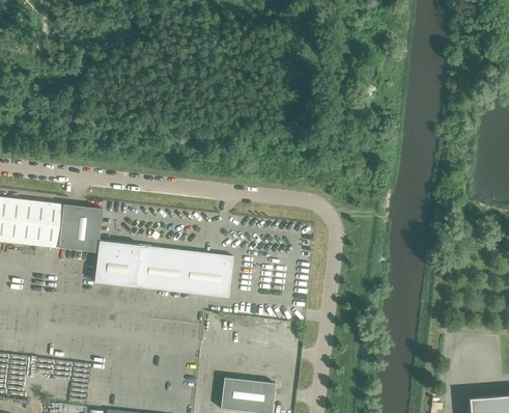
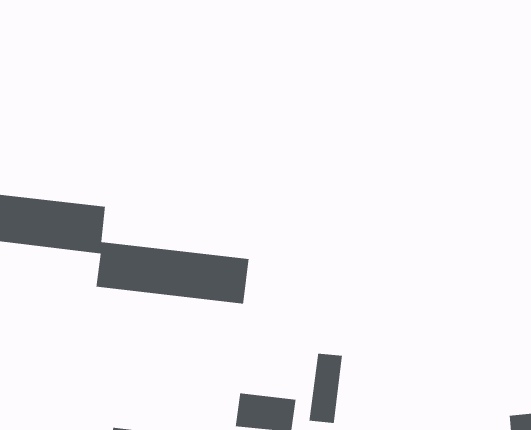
building: none -> [308,353,343,424]

